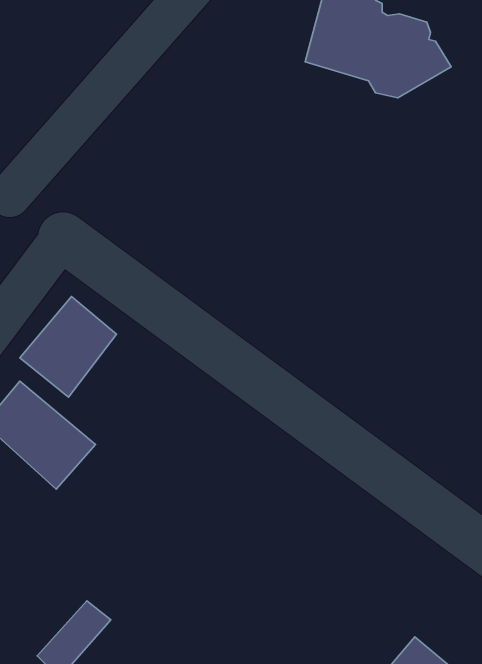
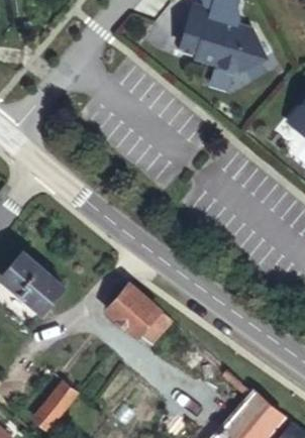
building: [20,297,117,397] -> none
building: none -> [96,281,174,348]

